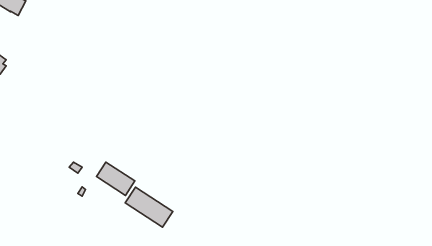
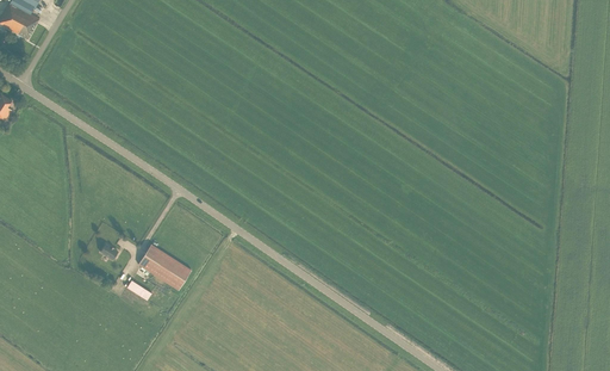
building: [125,187,173,227] -> none

